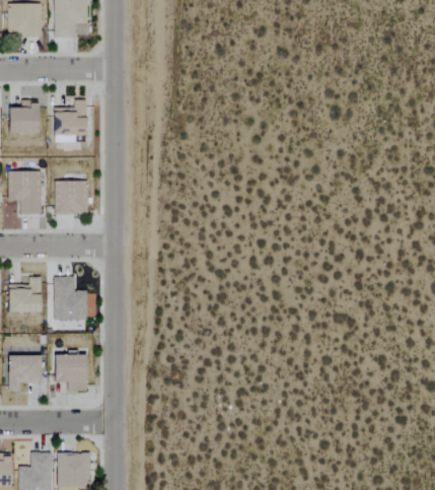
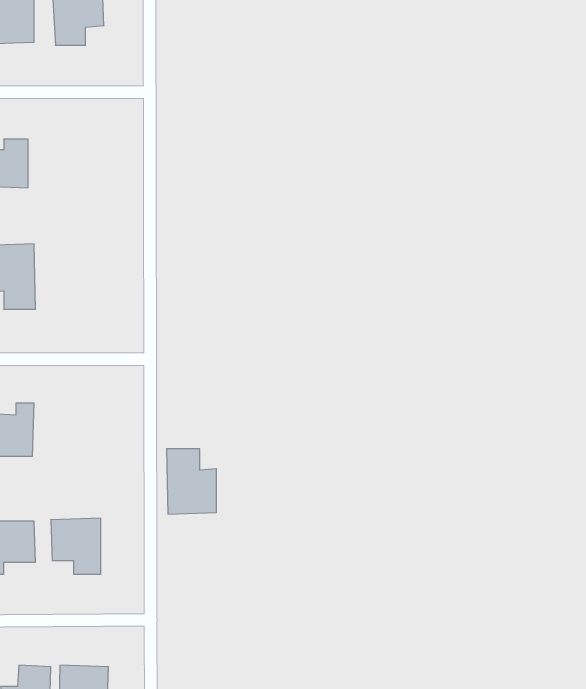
building: [53,100,87,136] -> none
building: [55,181,88,214] -> none
building: [54,277,87,321] -> [166,449,216,514]

